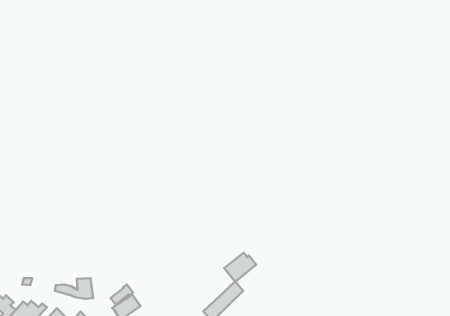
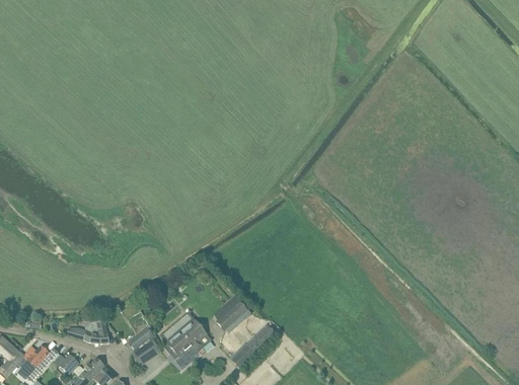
building: [224,253,256,282] -> [213,296,248,328]
building: none -> [166,320,211,357]

